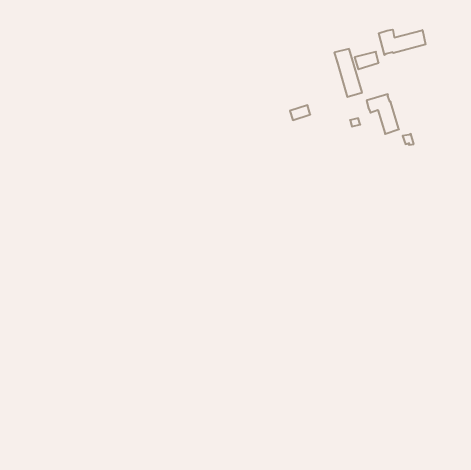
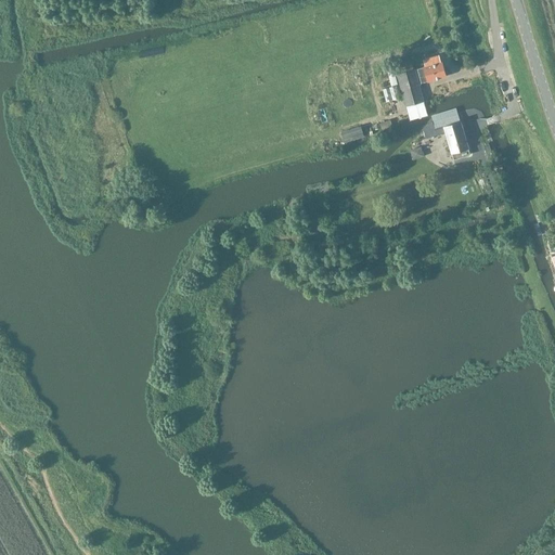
building: [379,30,426,55] -> none

